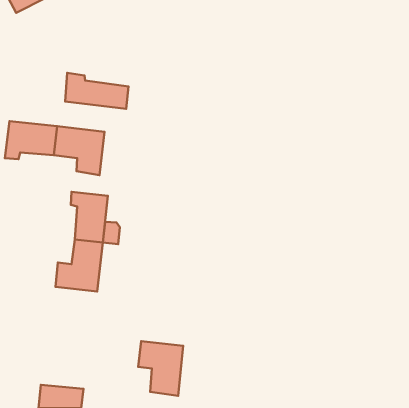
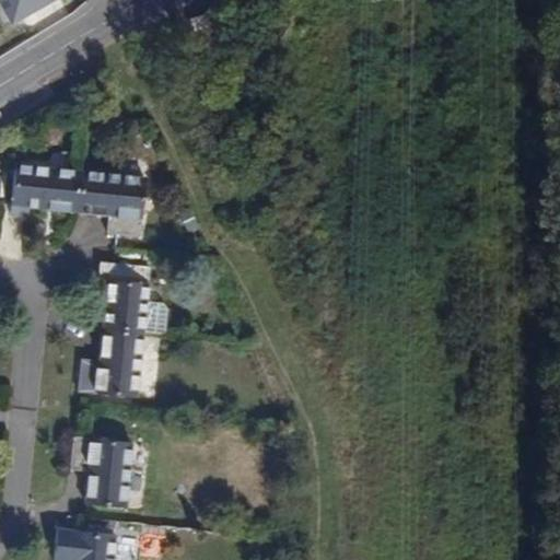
building: [65,73,128,109] -> none
building: [138,341,183,396] -> [70,436,131,511]

